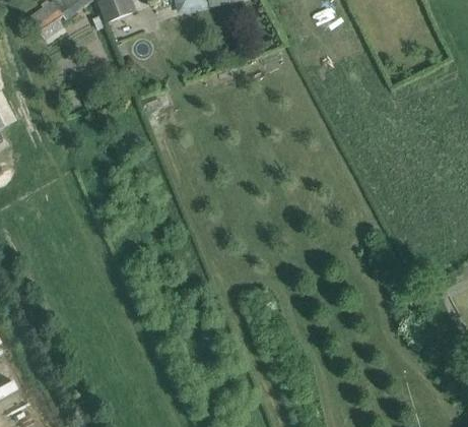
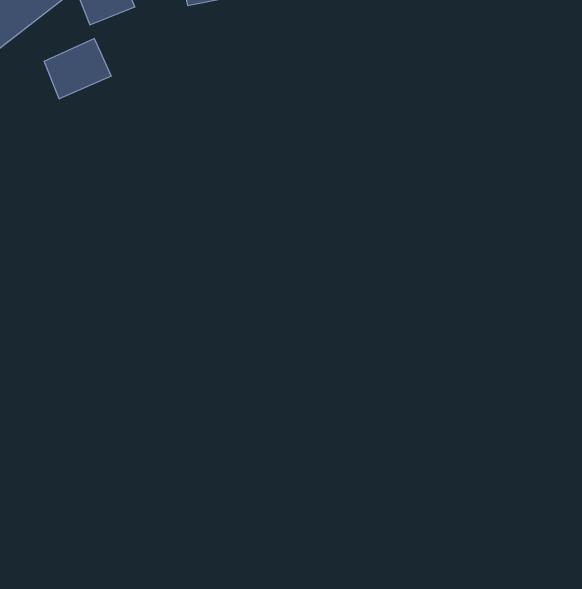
building: none -> [44,38,111,99]

